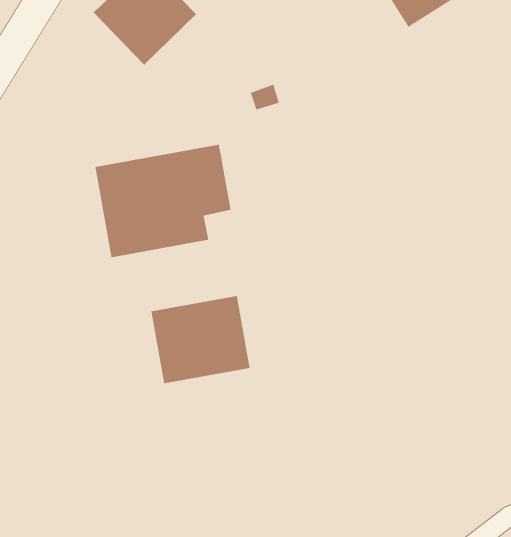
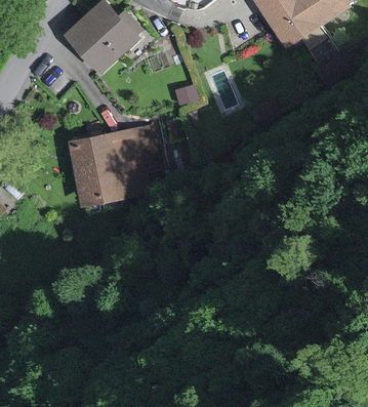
building: [150,295,251,384] -> none

